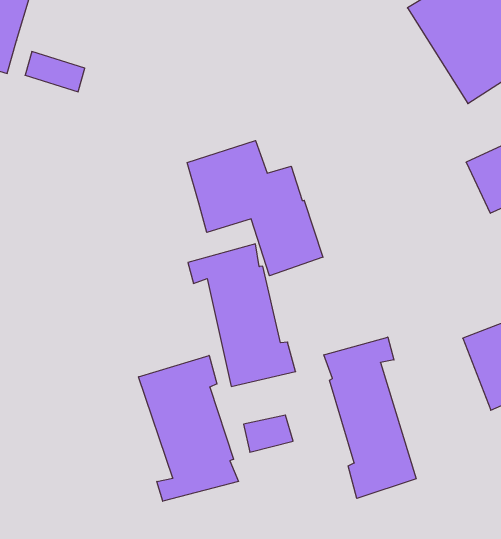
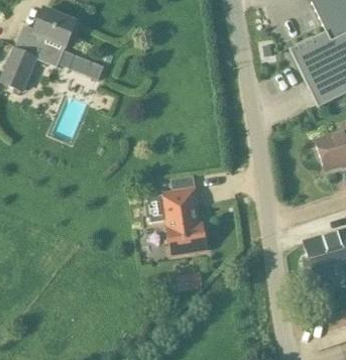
building: [187,141,323,276] -> none
building: [324,337,416,498] -> none
building: [139,355,238,501] -> none

